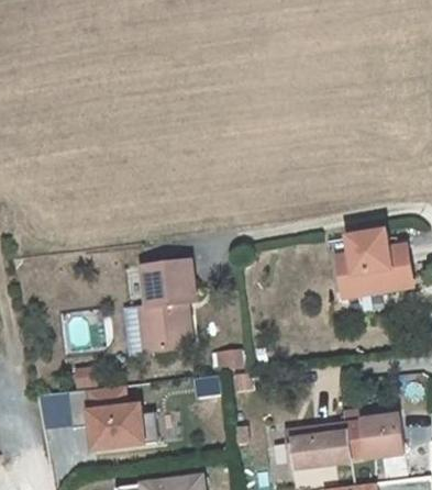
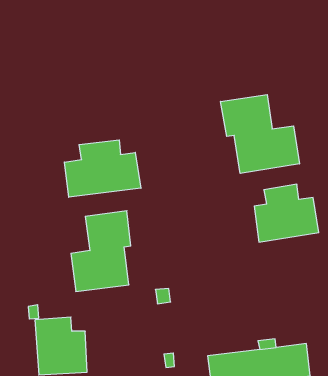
building: none -> [221,95,299,173]
building: none -> [64,140,141,197]

